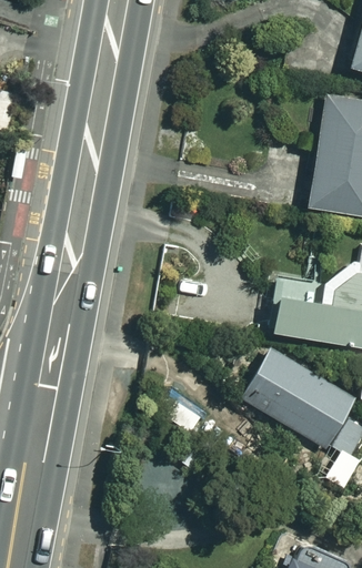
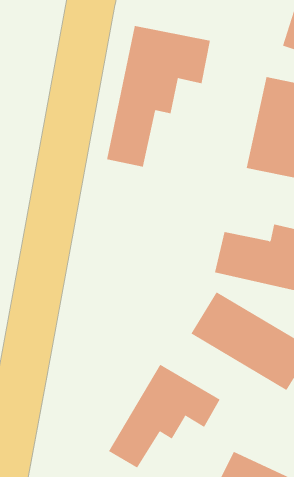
building: none -> [106,25,211,167]
building: none -> [108,364,221,468]

